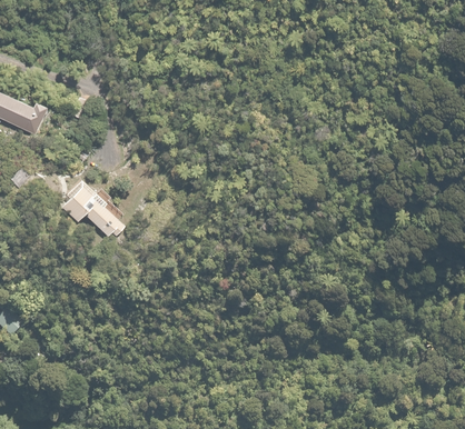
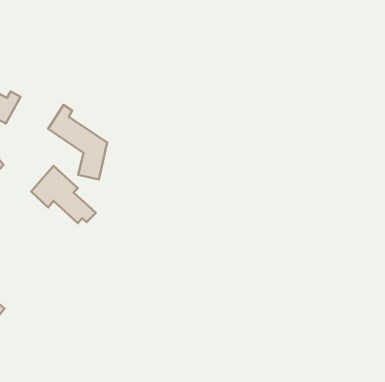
building: none -> [48,105,107,180]

